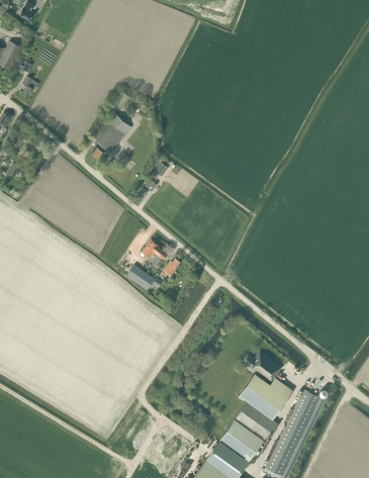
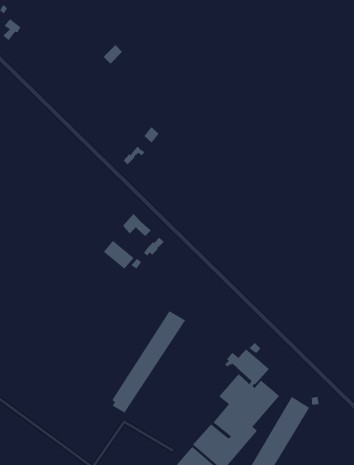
building: [91,113,131,159] -> none
building: none -> [111,310,186,414]

